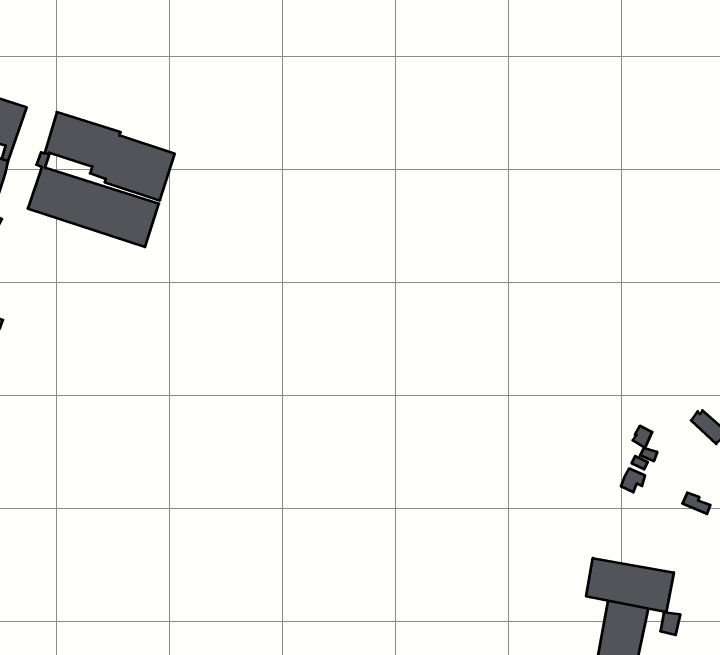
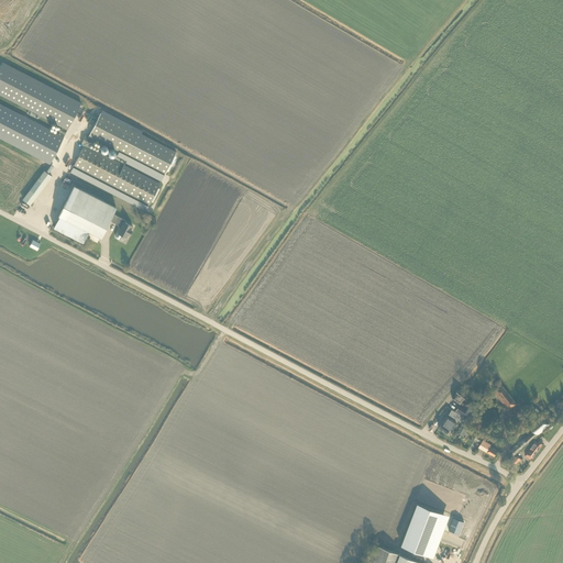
building: none -> [53,185,132,242]
building: [586,558,674,612] -> none

